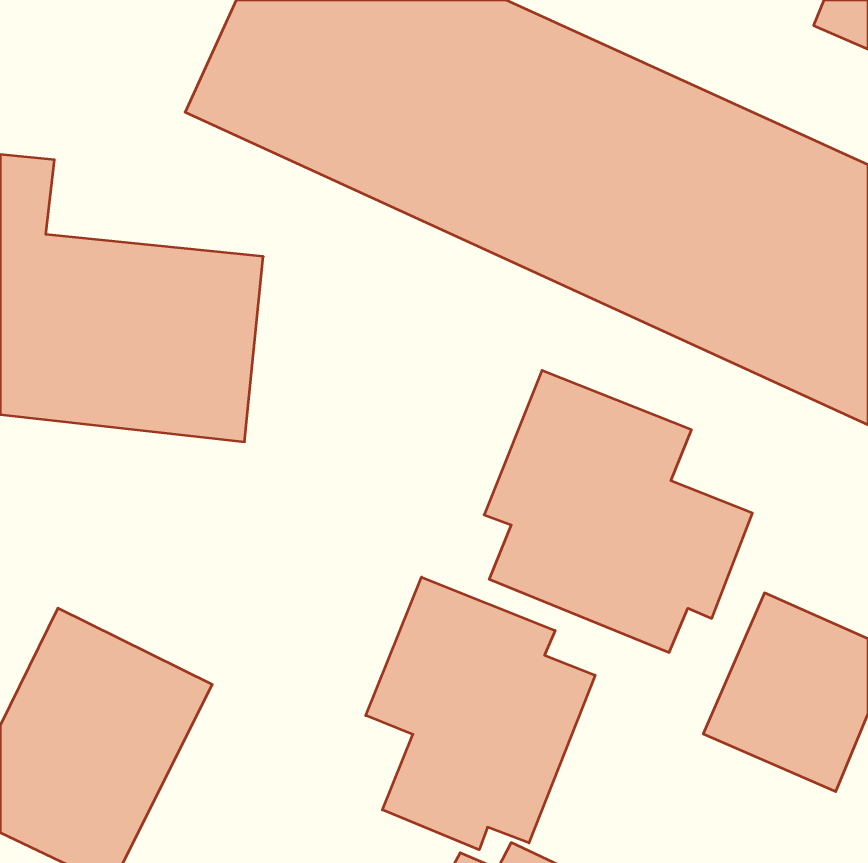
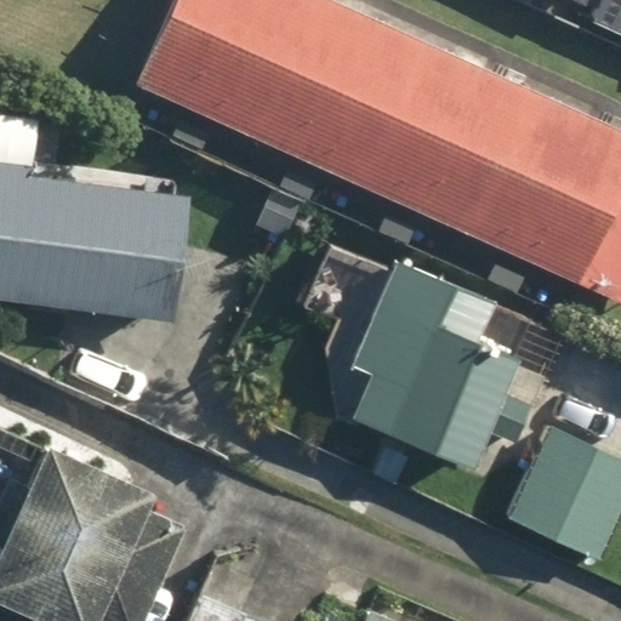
building: [366,577,595,850] -> none

